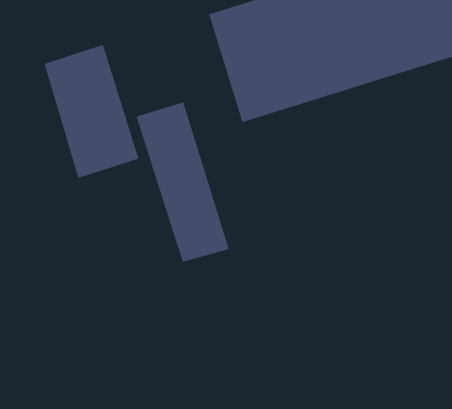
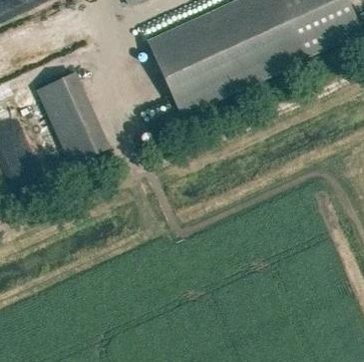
building: [136,102,230,263] -> none

